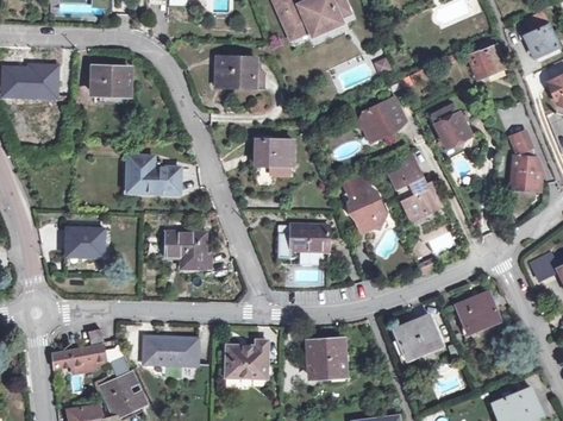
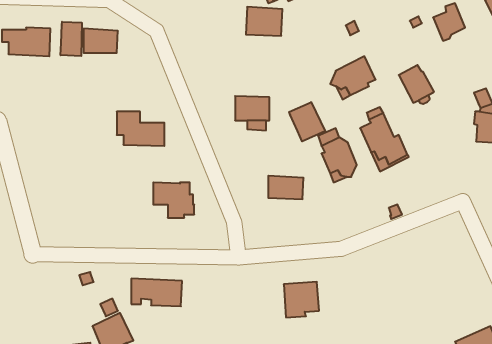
building: [215,56,255,87] -> [246,7,282,36]
building: none -> [61,22,82,56]
building: none -> [289,102,325,141]
building: [65,228,104,256] -> none
building: [455,290,499,333] -> none
building: [393,314,440,359] -> none
building: [225,340,268,377] -> none
building: [52,344,106,372] -> none

